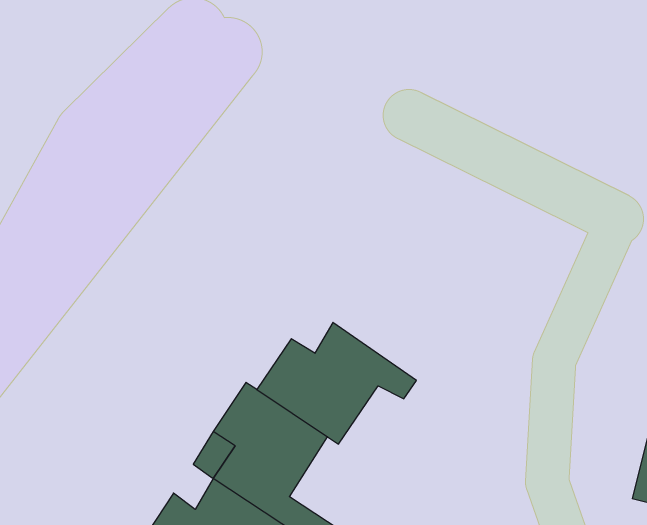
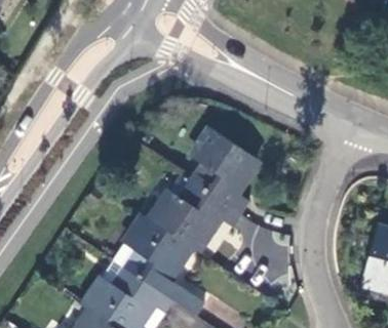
building: none -> [191,129,255,215]

